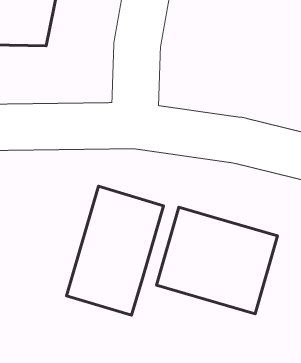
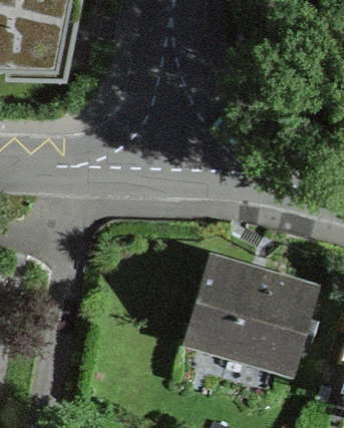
building: [67,186,164,315] -> none

